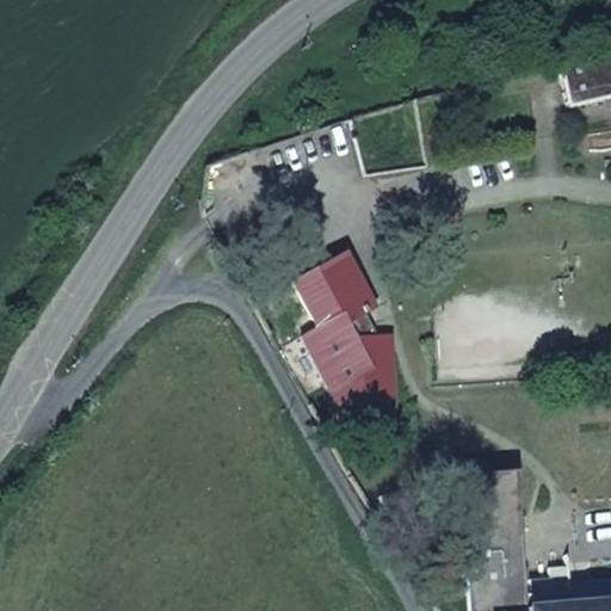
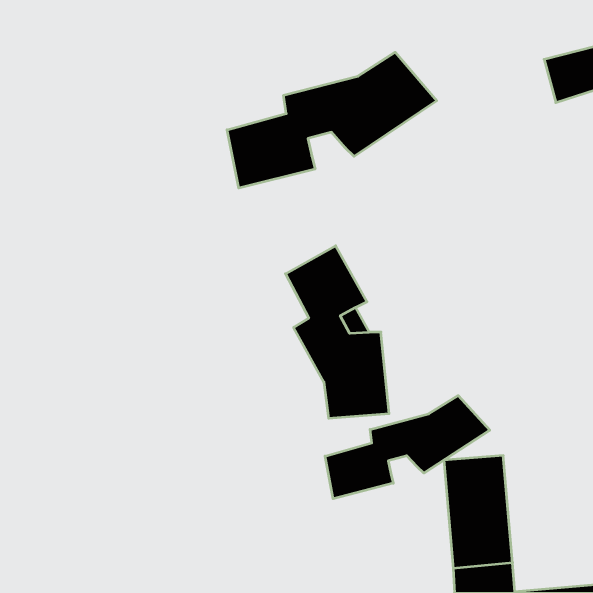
building: none -> [227,52,437,188]
building: none -> [325,396,490,499]

